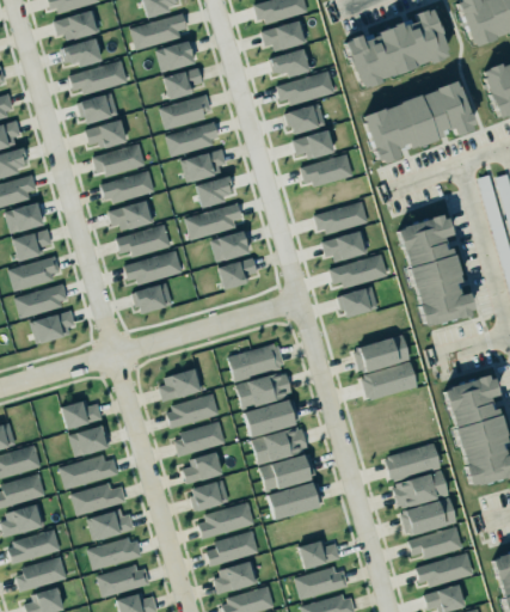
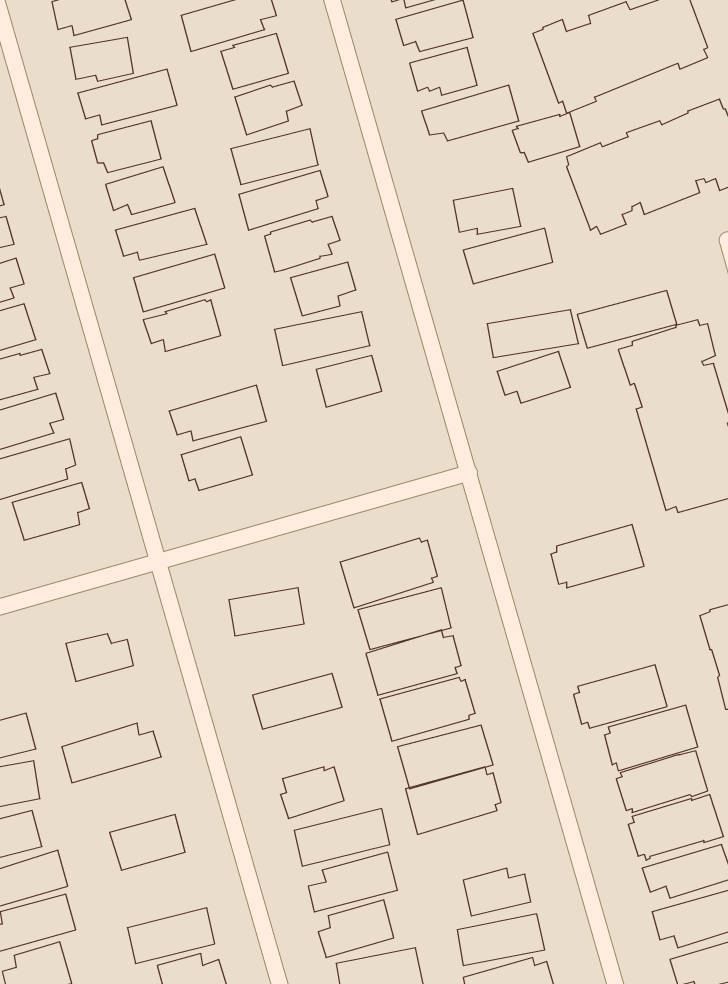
building: [283,102,324,131] -> [512,113,580,162]
building: [117,226,172,257] -> none
building: [330,255,389,289] -> [577,291,677,348]
building: [219,256,258,288] -> none
building: [336,284,379,317] -> none
building: [361,361,417,399] -> [574,665,667,728]
building: [164,391,221,430] -> none
building: [69,426,111,458] -> none
building: [183,452,222,484] -> none
building: [72,483,127,516] -> none
building: [88,537,143,570] -> none

